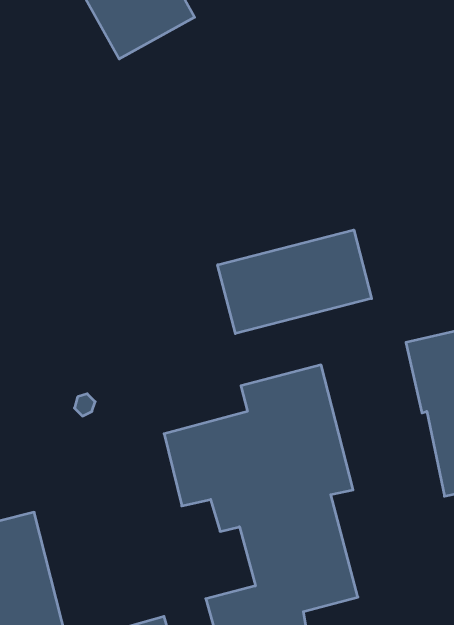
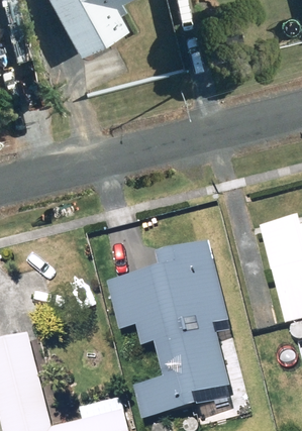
building: [218,230,372,334] -> none

